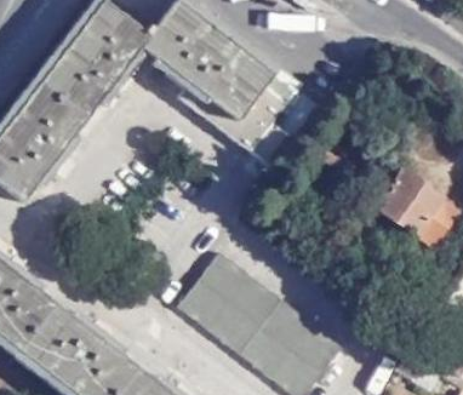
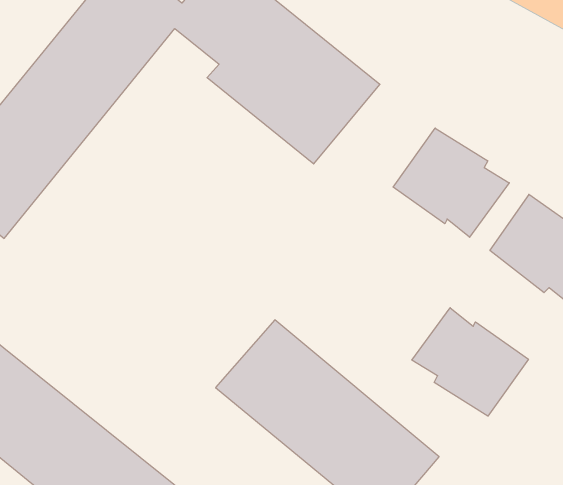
building: none -> [393,128,509,237]
building: none -> [412,308,528,416]

